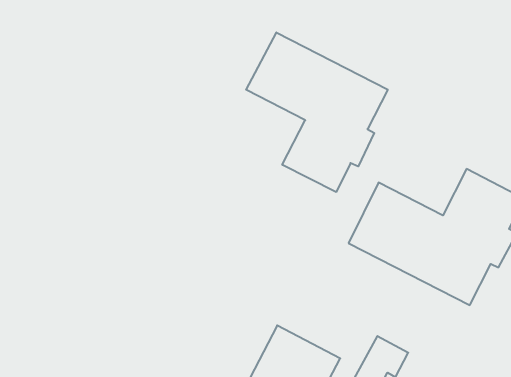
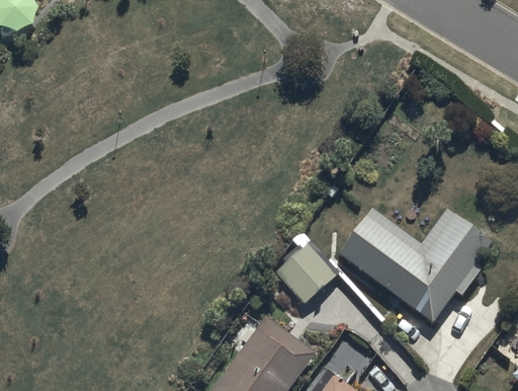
building: [246,32,388,192] -> none
building: none -> [275,240,338,303]

